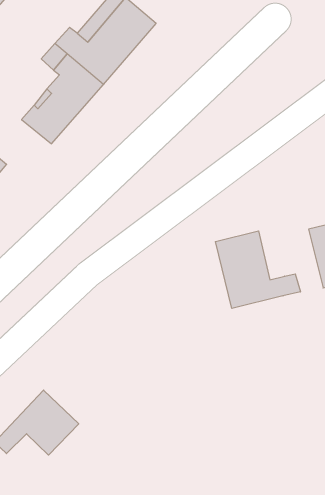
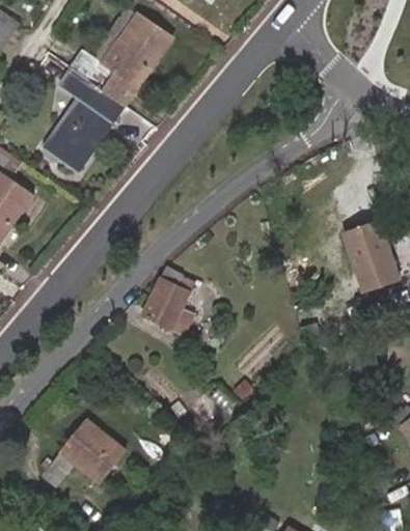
building: [215,231,300,308] -> none
building: none -> [141,271,194,337]

